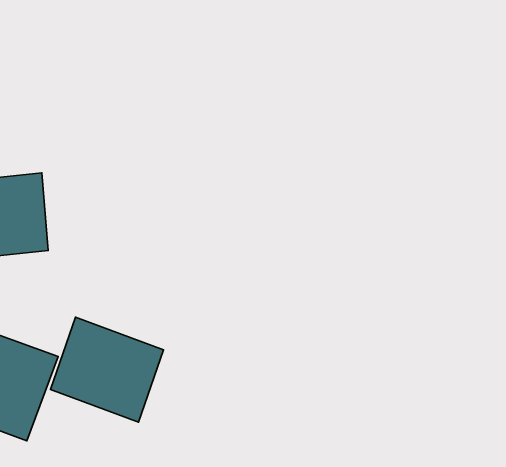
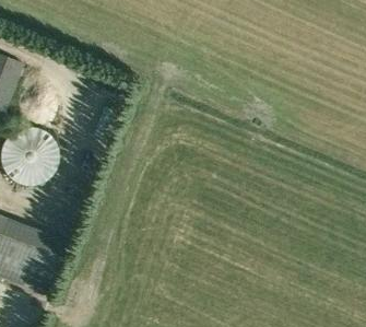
building: [50,317,163,422] -> none

